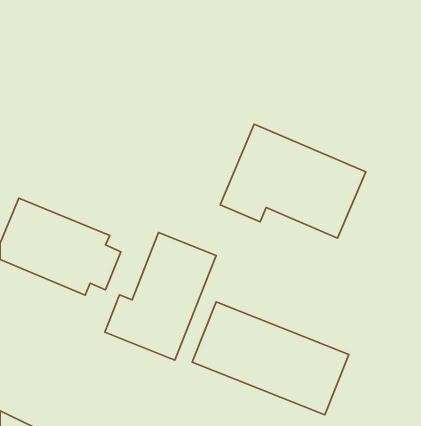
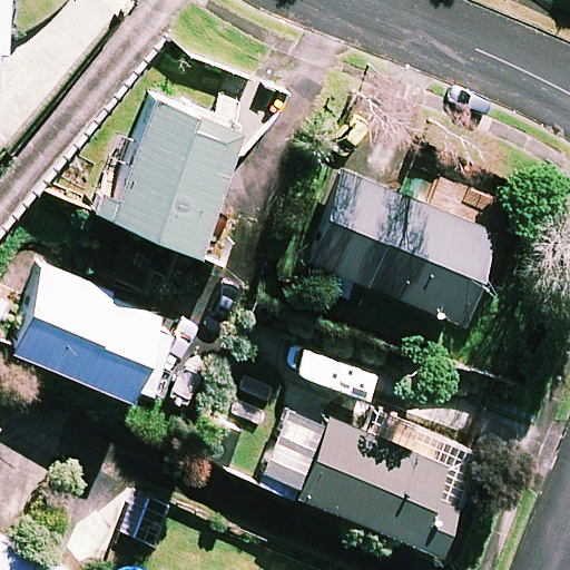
building: none -> [109,97,244,250]
building: [105,232,216,360] -> none

